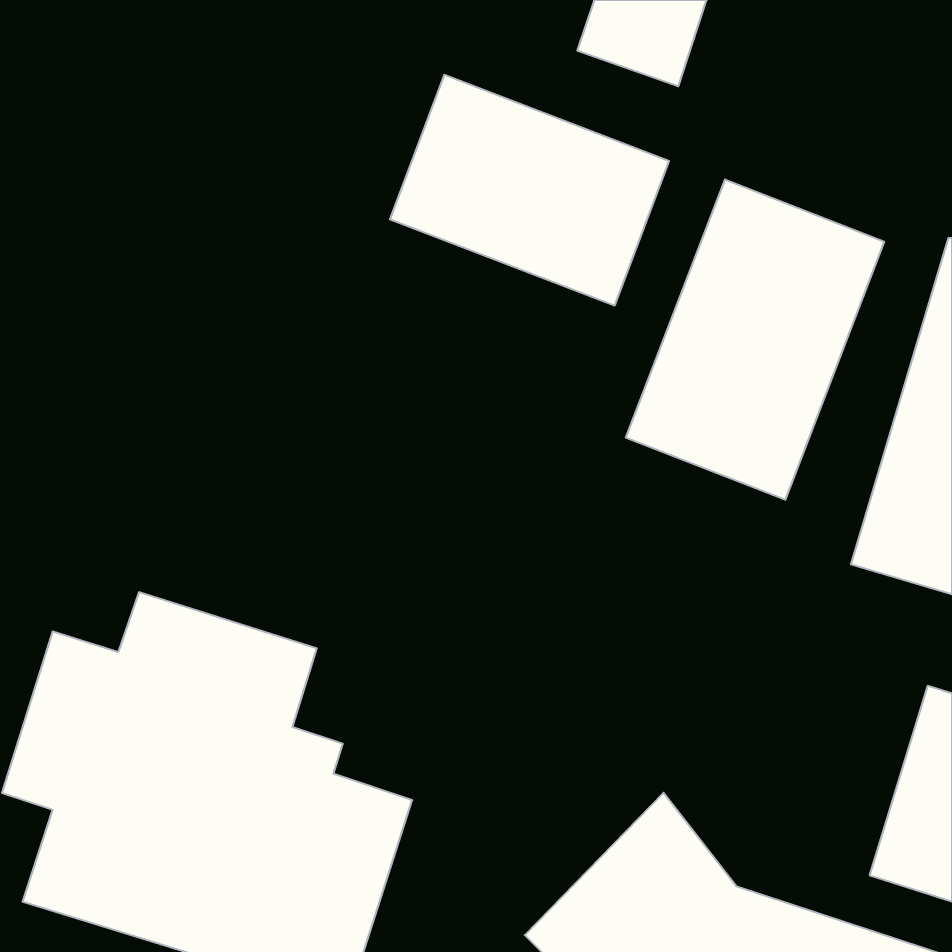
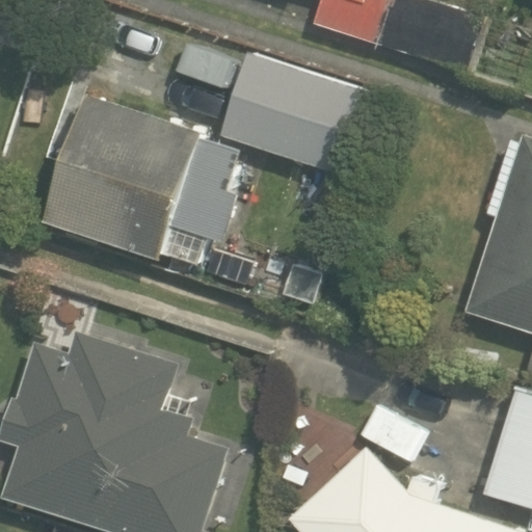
building: none -> [45,91,202,261]
building: [626,179,884,500] -> none

